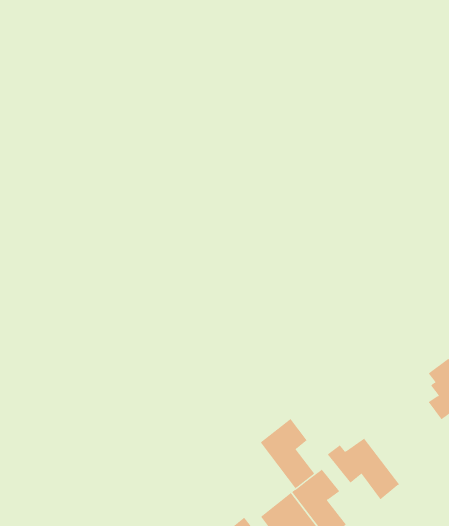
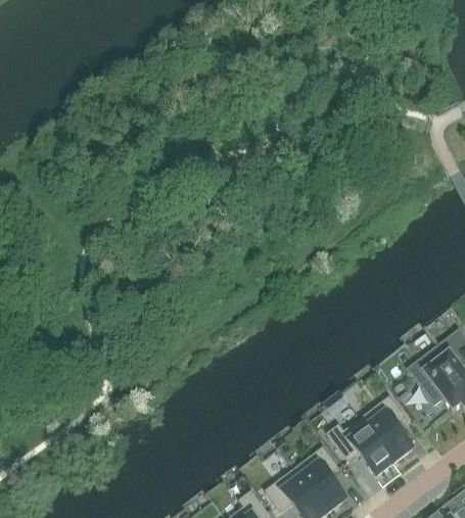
building: [260,418,315,489] -> [360,399,411,465]

